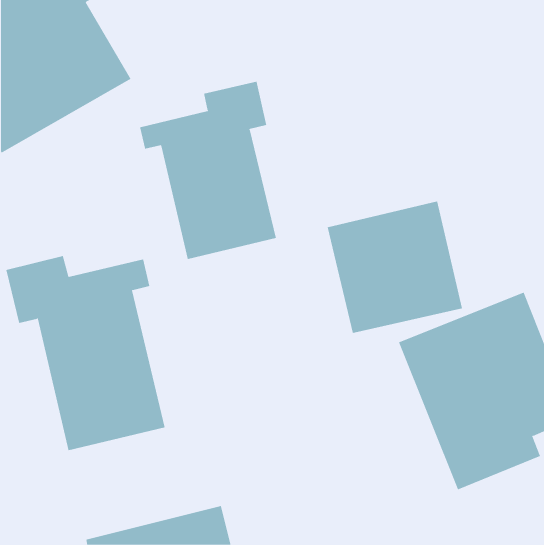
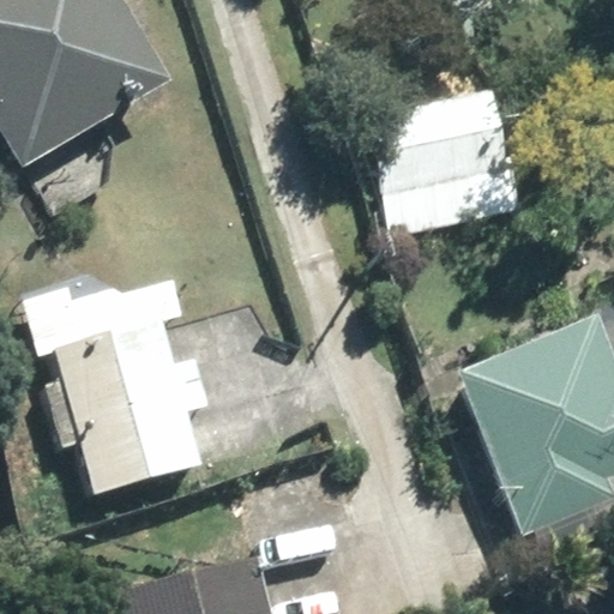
building: [139,81,276,260] -> none
building: [327,201,463,334] -> [371,86,519,231]

